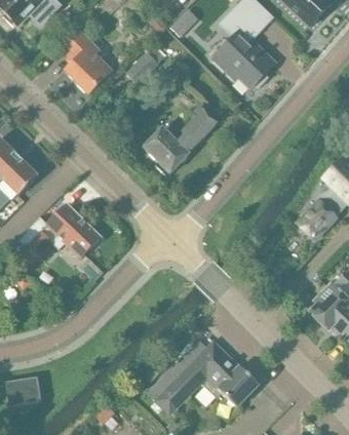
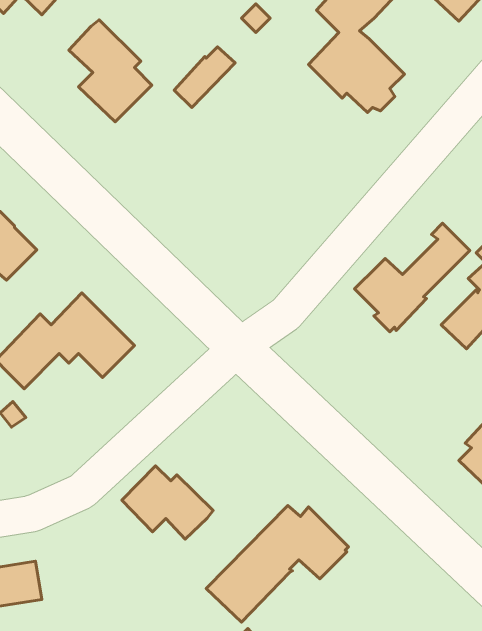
building: [143,105,217,174] -> [355,223,470,332]
building: none -> [122,466,213,539]
building: [200,365,259,406] -> none

